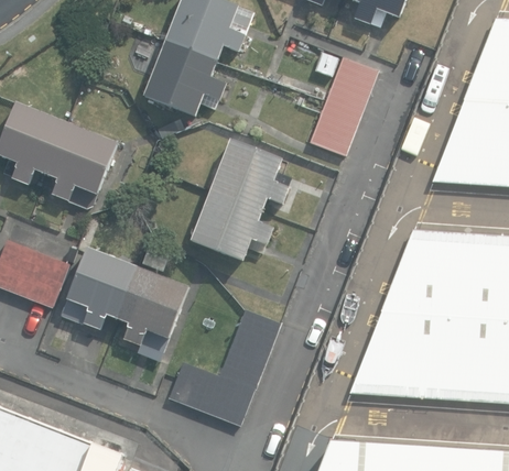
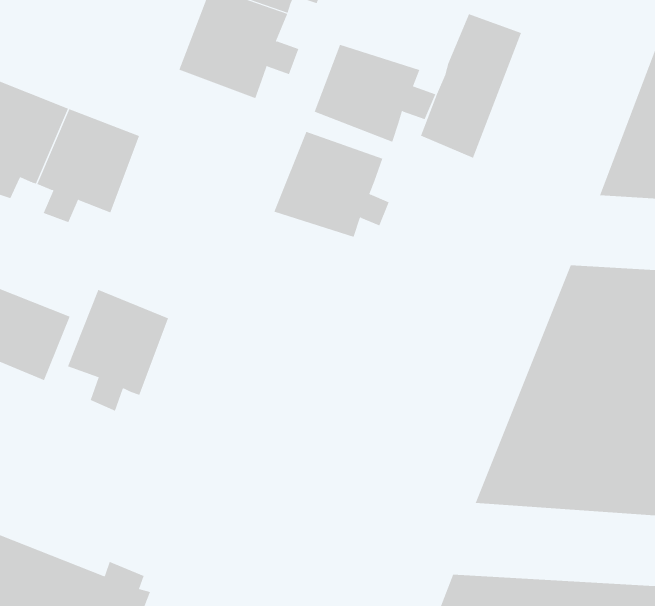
building: [192,194,275,261] -> [314,44,436,142]
building: [118,266,191,347] -> none
building: [169,310,282,427] -> none

